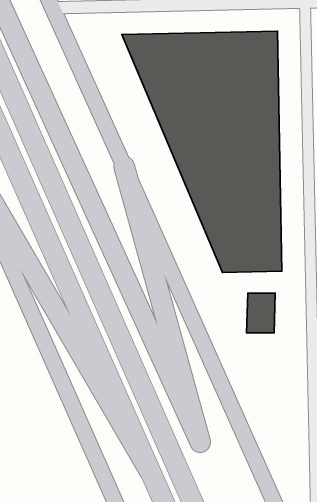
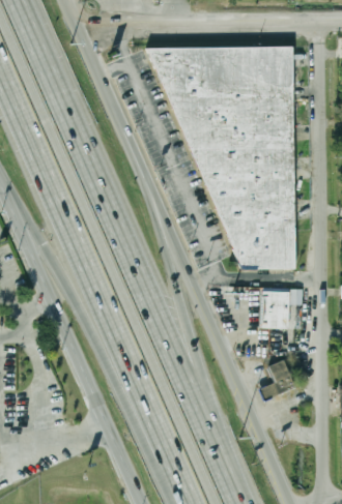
building: none -> [259,359,295,399]

